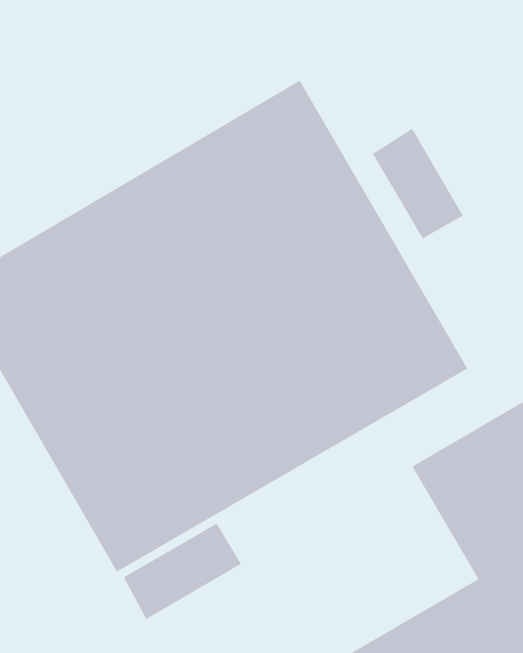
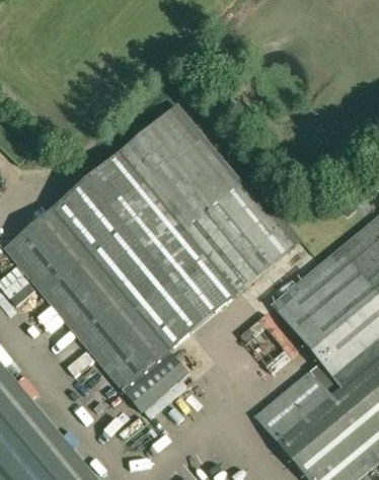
building: [372,128,464,239] -> none

